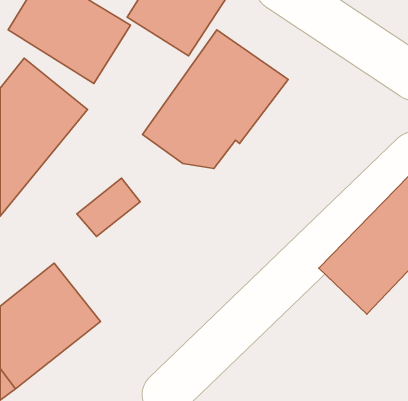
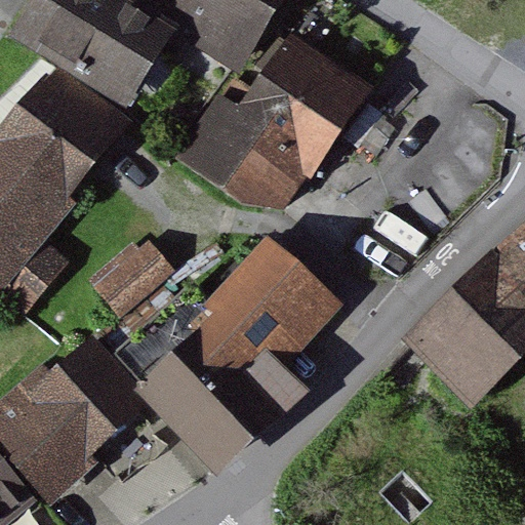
building: none -> [131,241,329,453]

